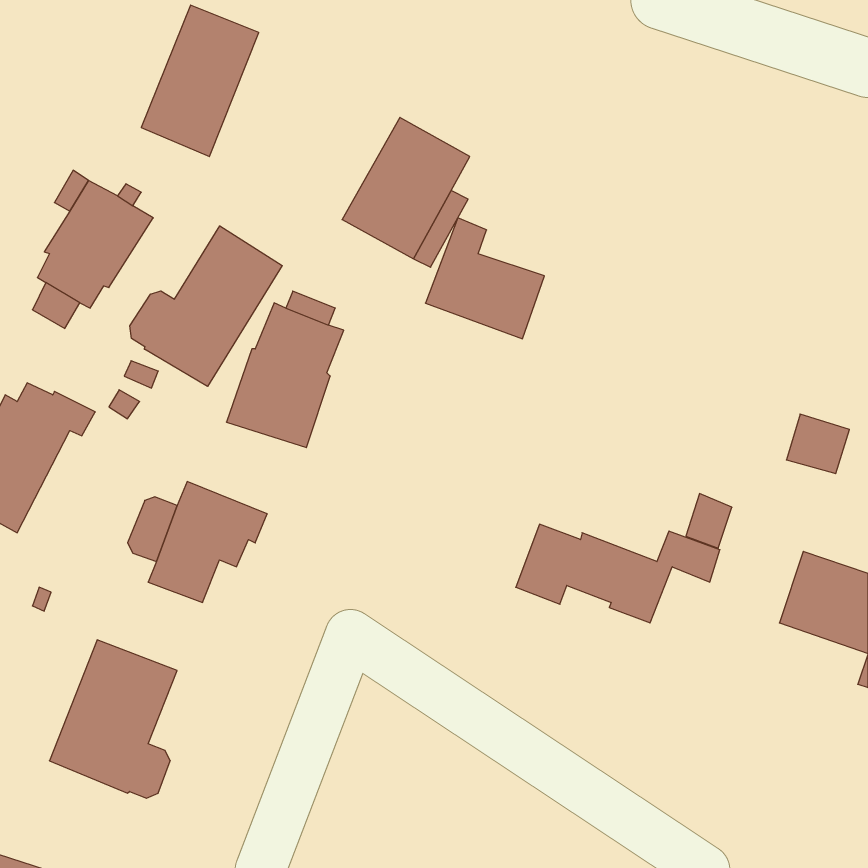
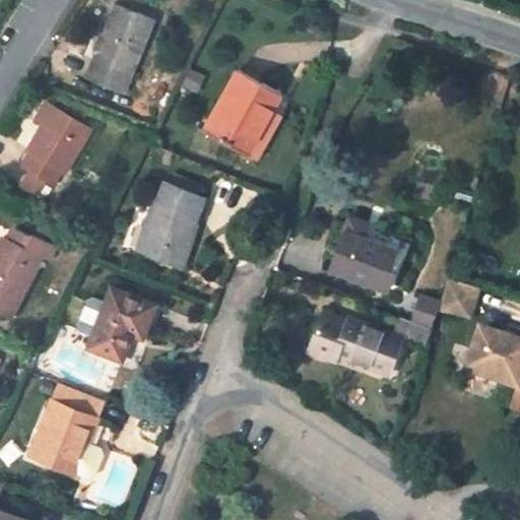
building: [425,218,544,339] -> [330,218,401,290]
building: [130,226,282,386] -> none
building: [786,414,849,474] -> [440,282,477,318]

